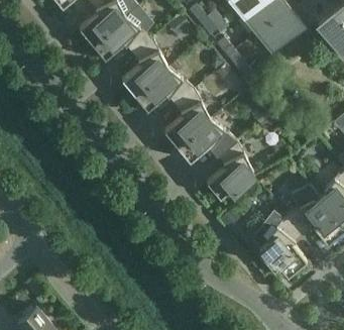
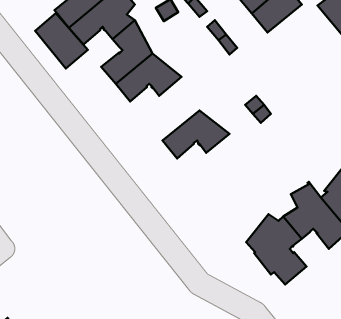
building: none -> [35,13,88,68]
building: [163,89,210,146] -> none
building: [206,140,254,199] -> none

